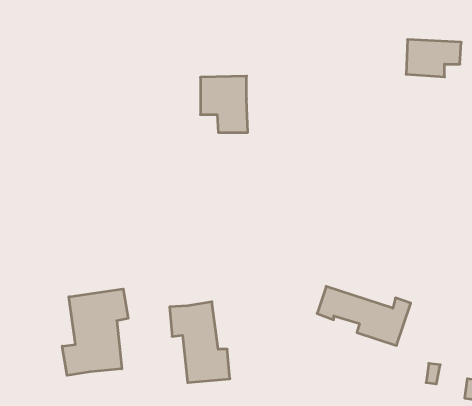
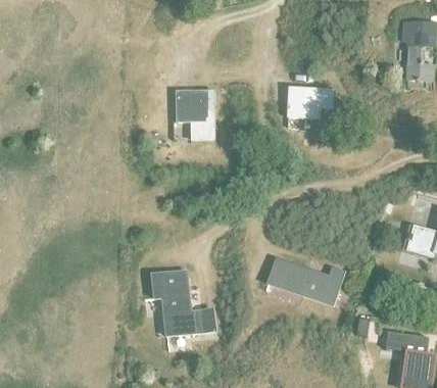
building: [406,40,461,77] -> [288,88,332,117]
building: [62,289,128,375] -> none

